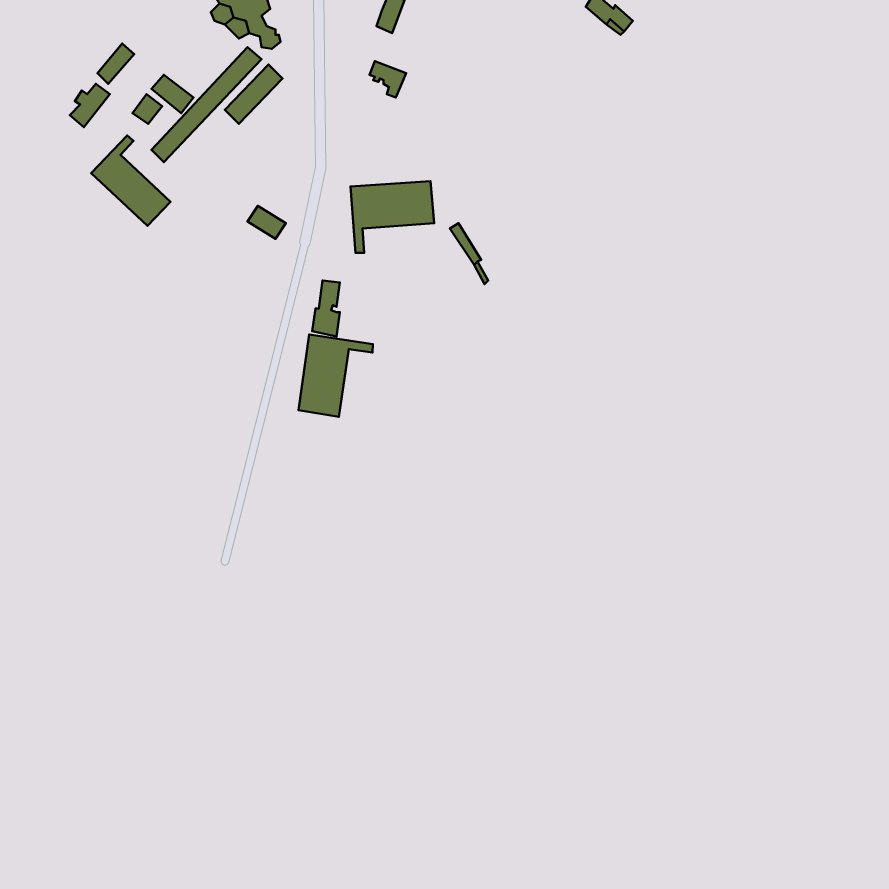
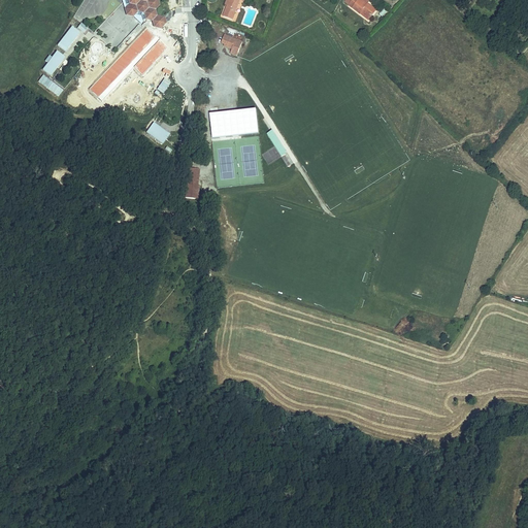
building: [91,135,170,226] -> none
building: [299,334,373,417] -> none

